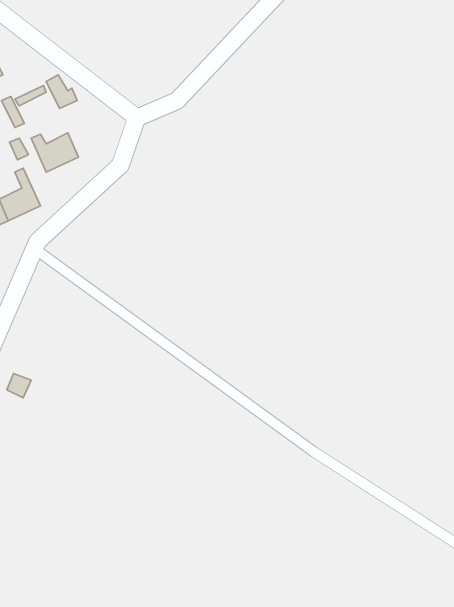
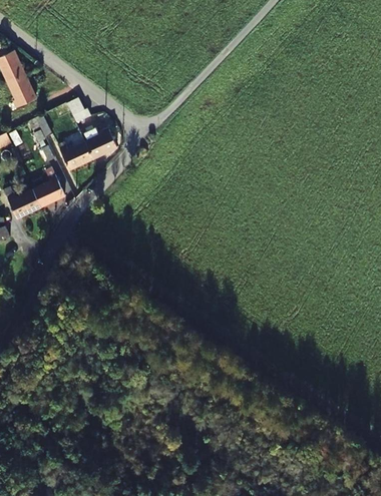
building: none -> [84,120,117,159]

